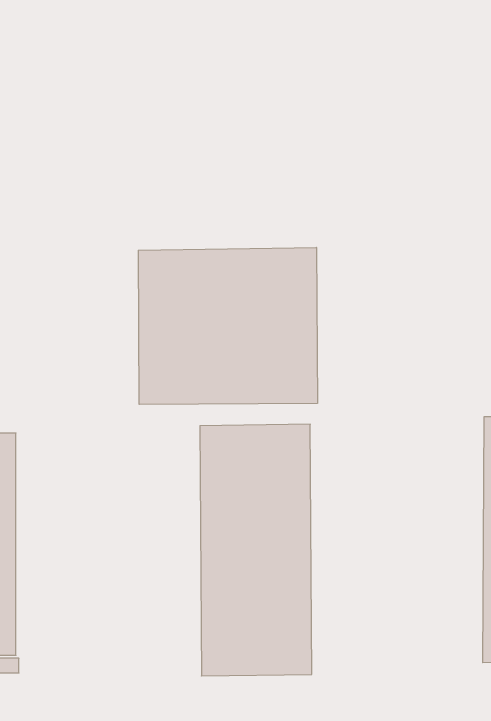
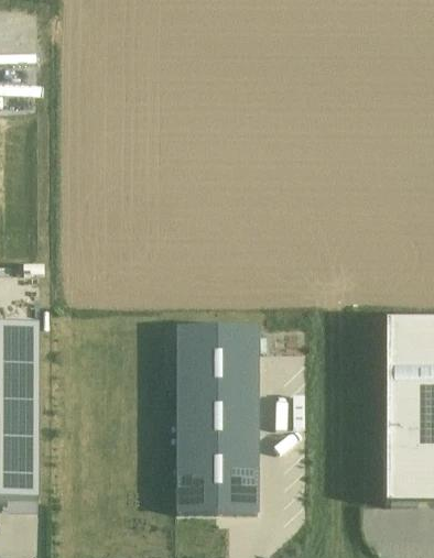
building: [138,247,317,404] -> none

